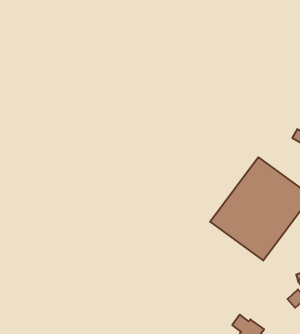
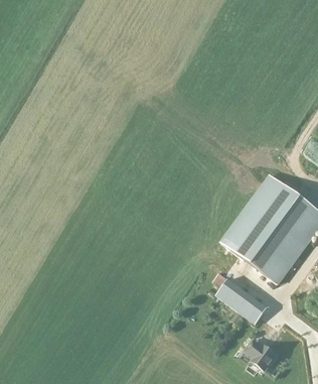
building: none -> [216,277,268,323]

